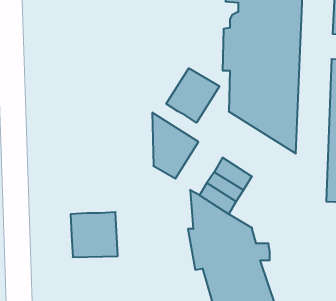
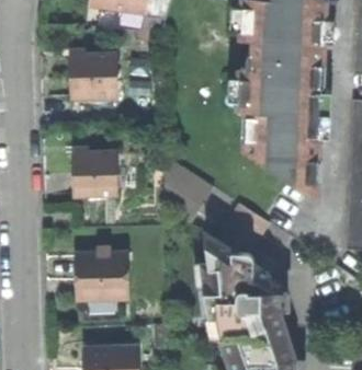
building: none -> [69,56,116,102]
building: [166,68,219,123] -> none
building: none -> [71,154,118,199]

